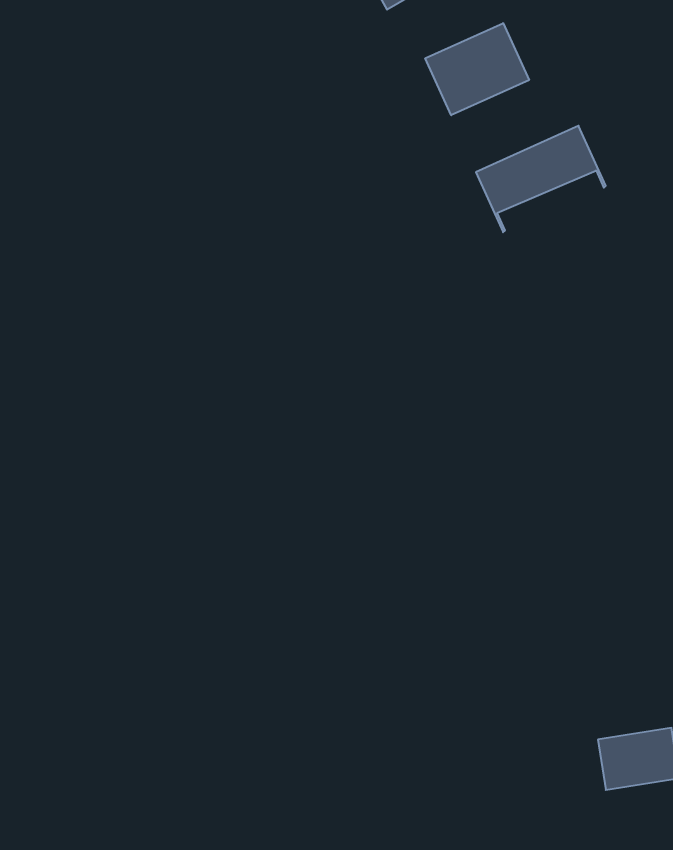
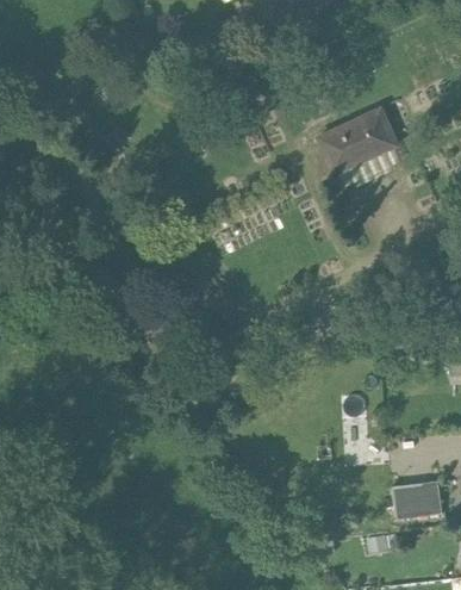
building: [425,23,529,115] -> none

